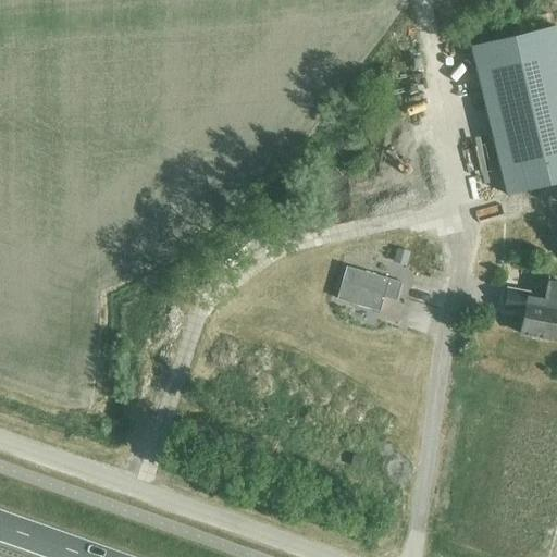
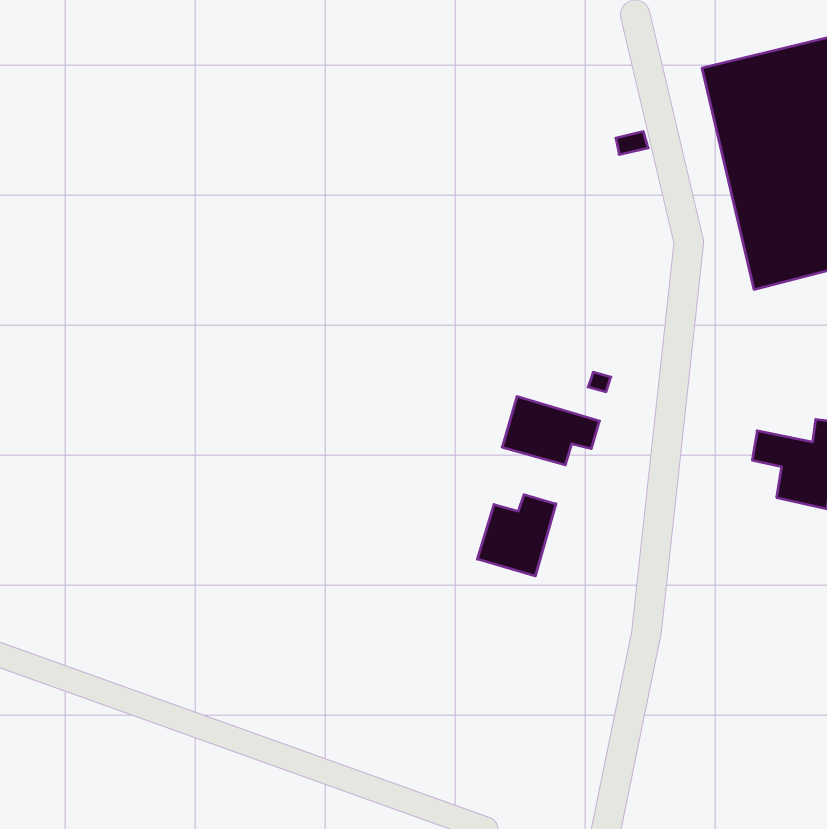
building: none -> [477,495,556,576]

